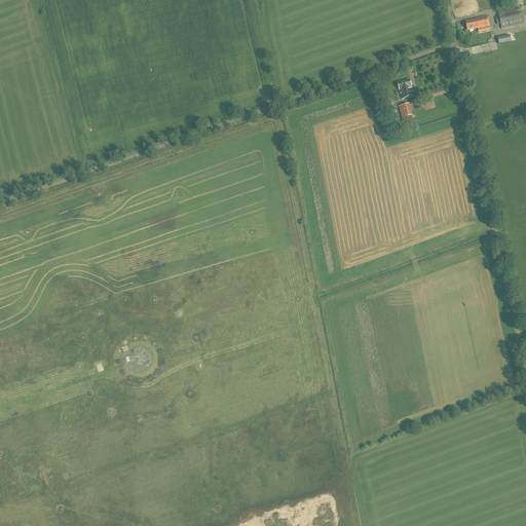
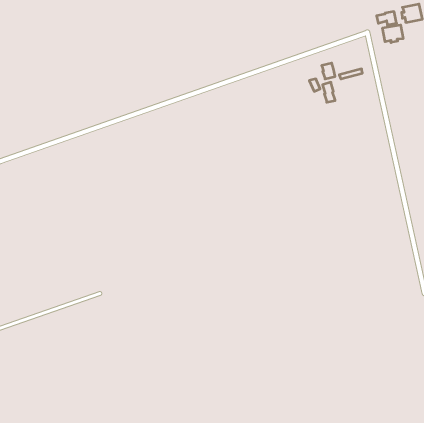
building: none -> [383,25,403,43]

